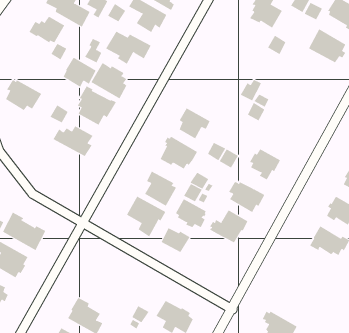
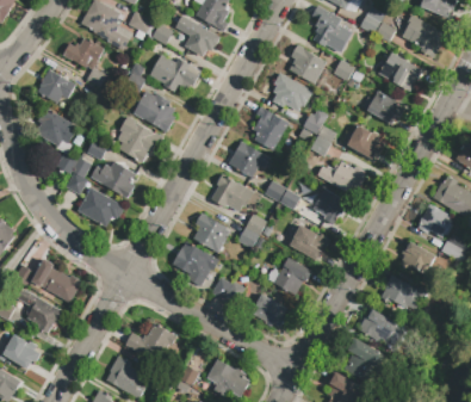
building: none -> [289,44,327,84]
building: none -> [272,72,312,111]
building: [63,57,96,88] -> [37,68,75,103]
building: none -> [361,89,404,123]
building: none -> [255,106,289,149]
building: none -> [341,124,384,159]
building: none -> [56,153,91,194]
building: none -> [317,161,365,194]
building: none -> [78,186,124,227]
building: [175,198,207,228] -> [252,293,287,327]
building: none -> [360,309,404,346]
building: none -> [125,323,175,363]
building: none -> [343,338,386,381]

